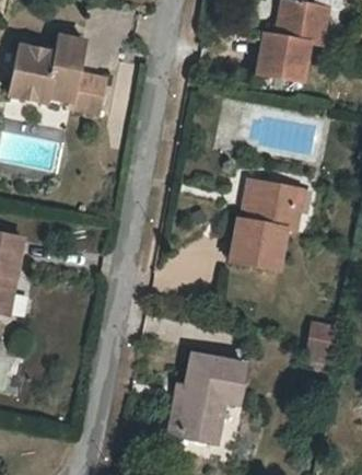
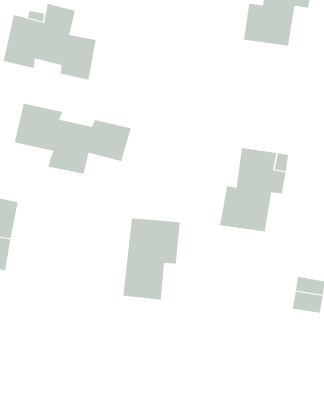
building: none -> [14,103,131,175]
building: [186,359,246,444] -> [123,218,181,300]

